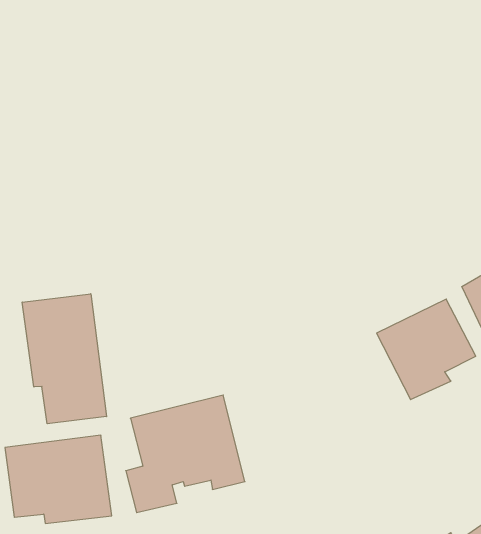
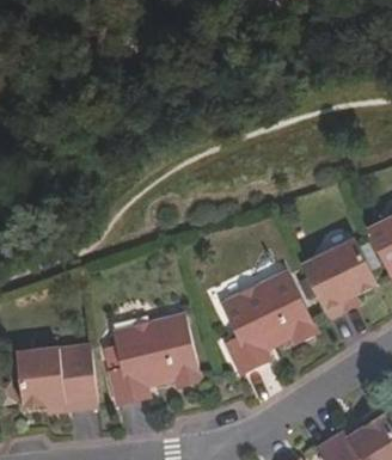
building: [22,294,107,424] -> none
building: none -> [221,271,319,374]

